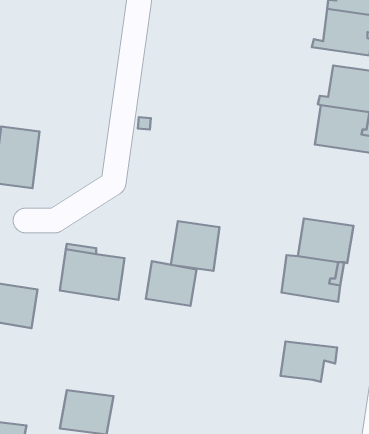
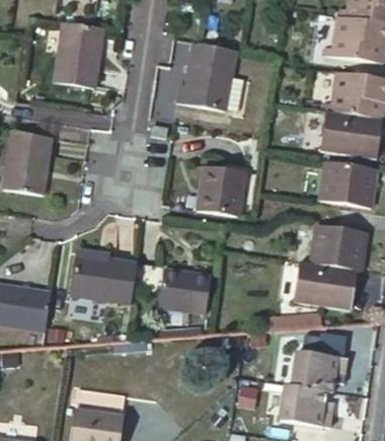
building: none -> [53,21,102,87]
building: none -> [176,43,234,109]
building: none -> [318,161,377,206]
building: [171,221,219,271] -> [197,166,245,216]
building: none -> [280,380,333,422]

